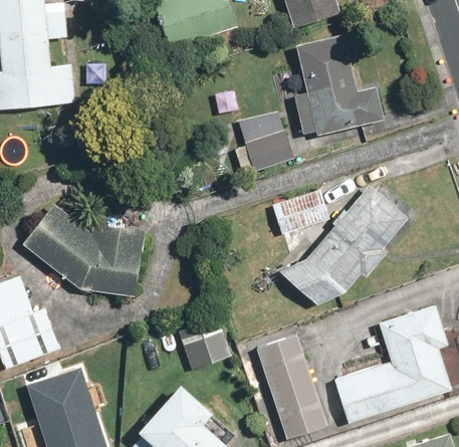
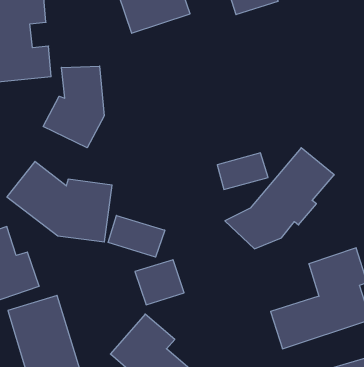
building: [292,35,387,136] -> none
building: none -> [43,66,104,148]
building: [229,108,301,176] -> none
building: none -> [108,215,165,257]
building: [256,334,329,441] -> none

